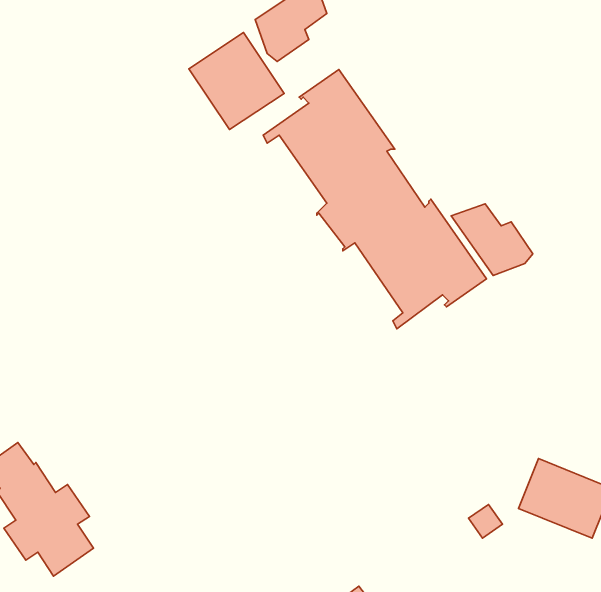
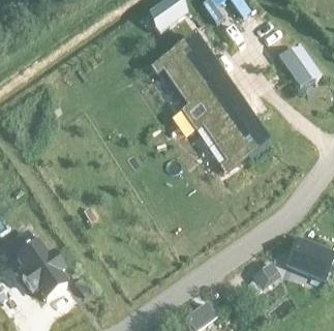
building: [189,33,284,130] -> none
building: [451,204,533,276] -> [279,50,322,87]

